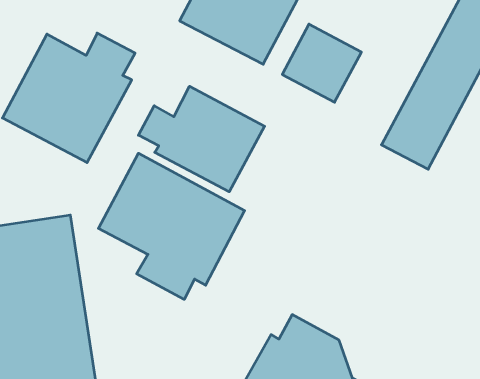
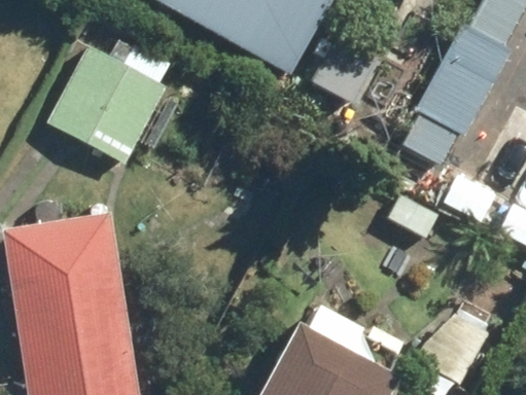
building: [138,86,265,192] -> none
building: [98,153,245,299] -> none

